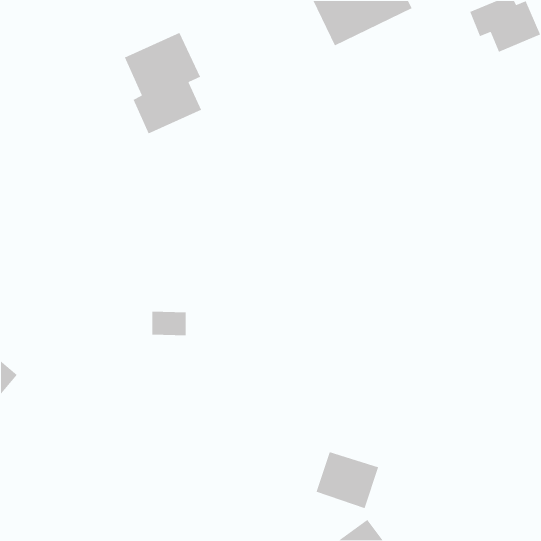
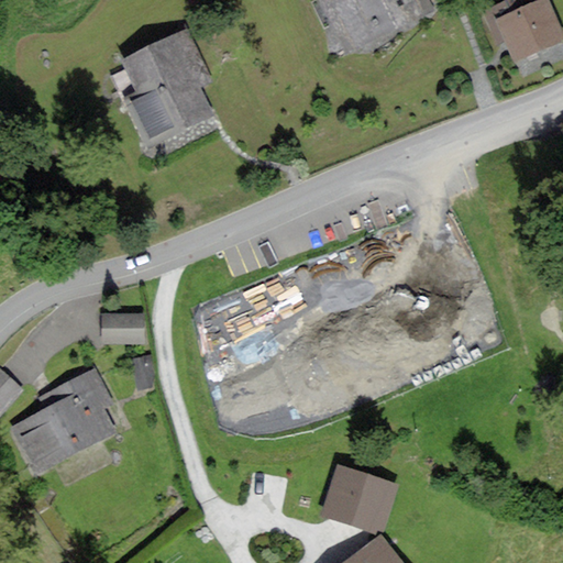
building: [152,311,186,336] -> [106,316,142,342]
building: none -> [7,373,123,479]

